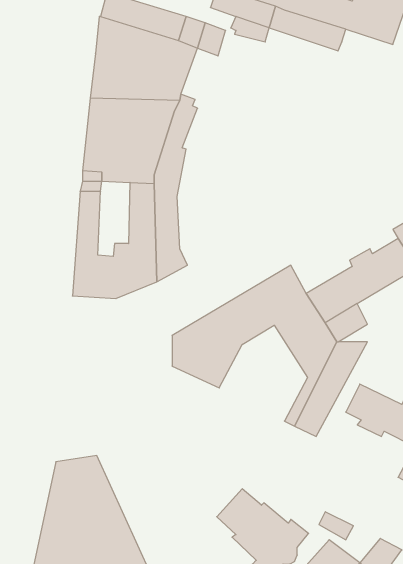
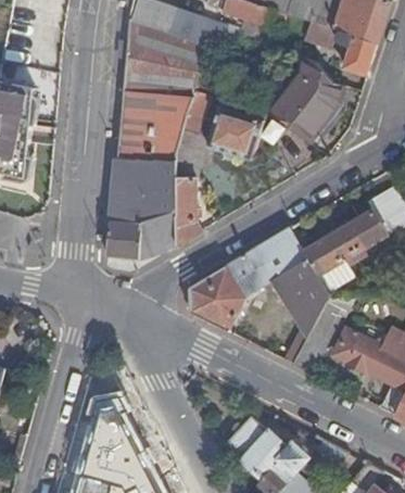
building: none -> [332,27,376,71]
building: none -> [270,62,343,138]
building: none -> [206,103,265,156]

